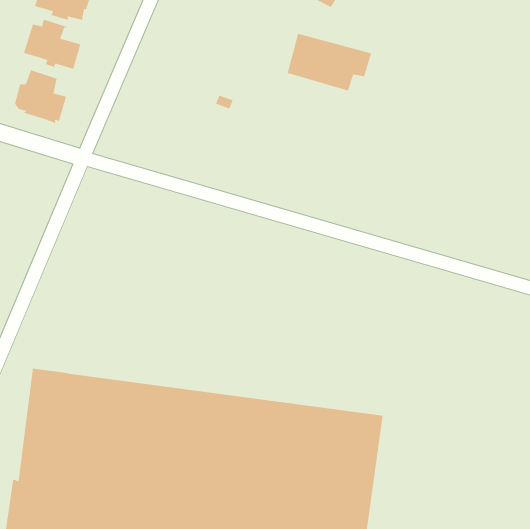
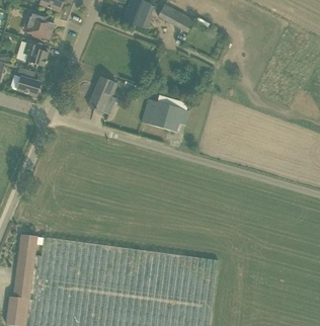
building: [287,33,372,91] -> [141,98,188,131]
building: none -> [87,76,116,110]

